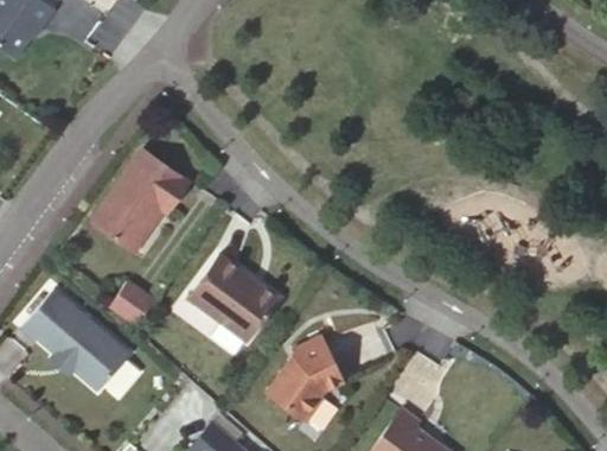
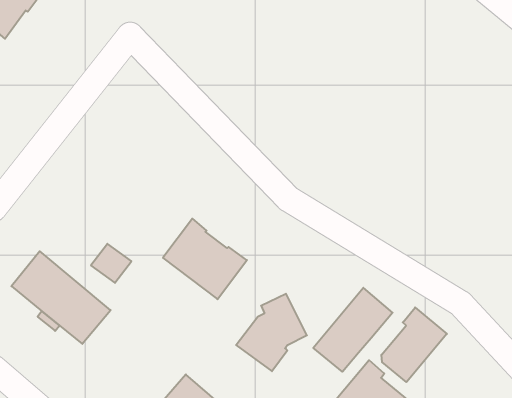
building: [90,150,189,250] -> none
building: none -> [313,288,393,372]
building: none -> [381,307,447,382]

